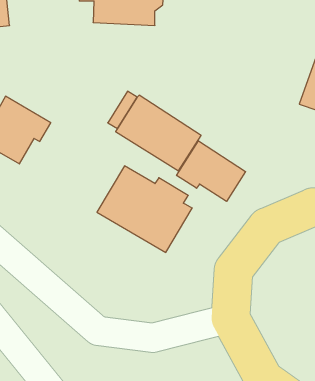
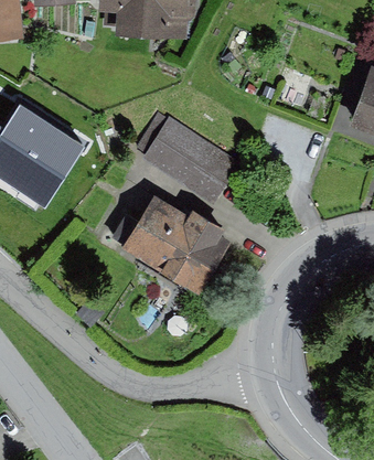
building: [177,141,246,201] -> none

